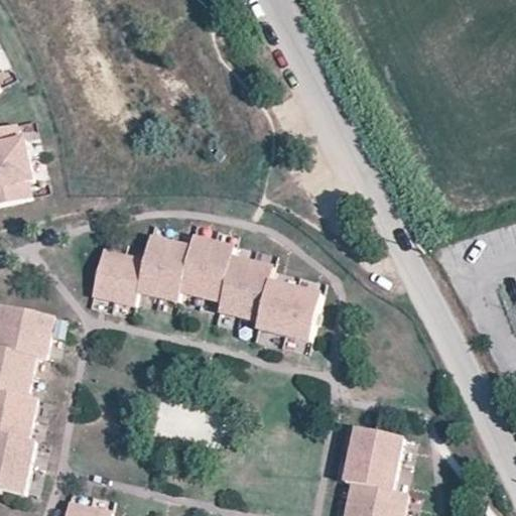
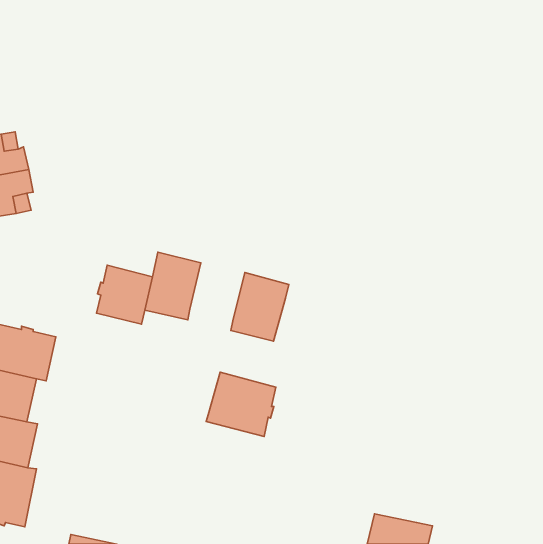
building: [178,237,233,301] -> none
building: [255,280,320,341] -> [206,372,276,436]
building: [343,427,402,491] -> none

